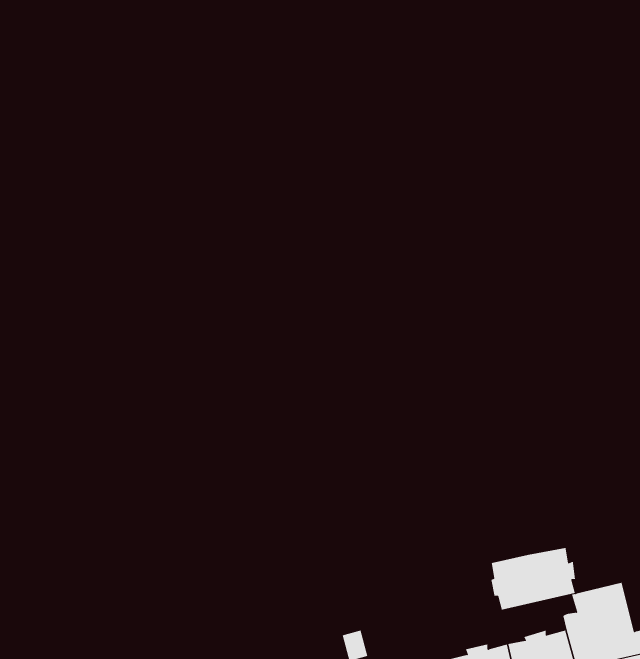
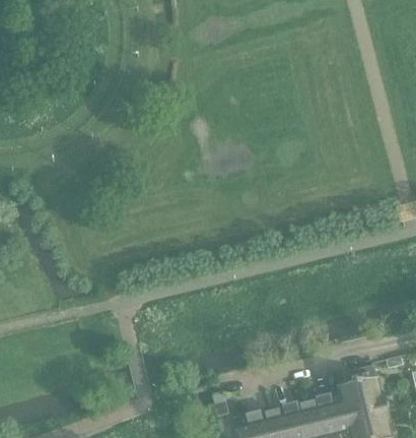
building: [491,547,576,610] -> none

